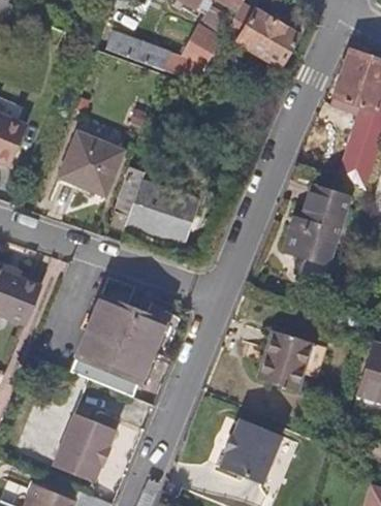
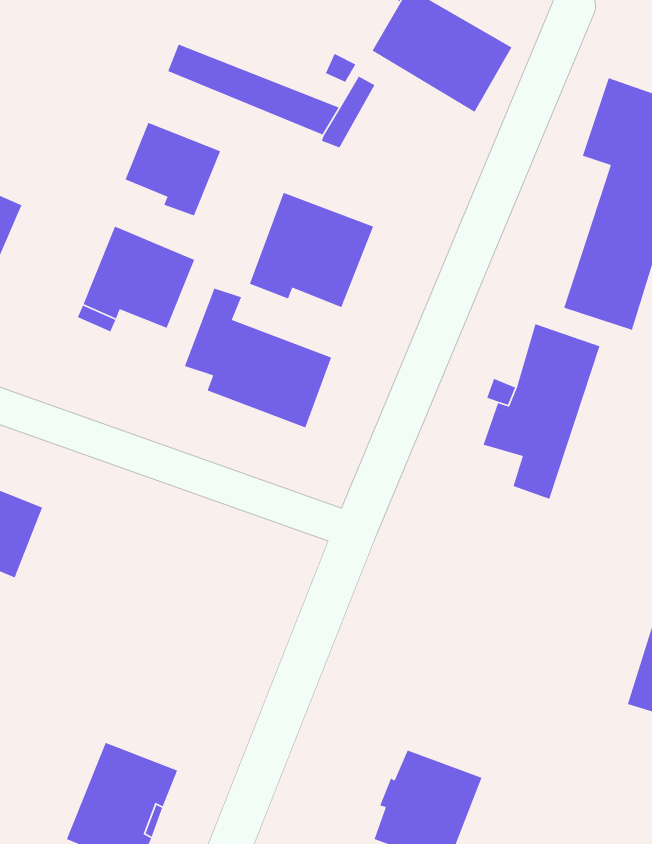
building: none -> [124,122,221,217]
building: none -> [249,192,374,308]
building: [72,298,163,397] -> none
building: [251,334,306,396] -> none

